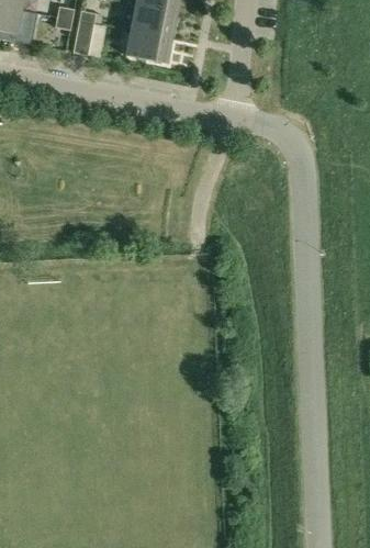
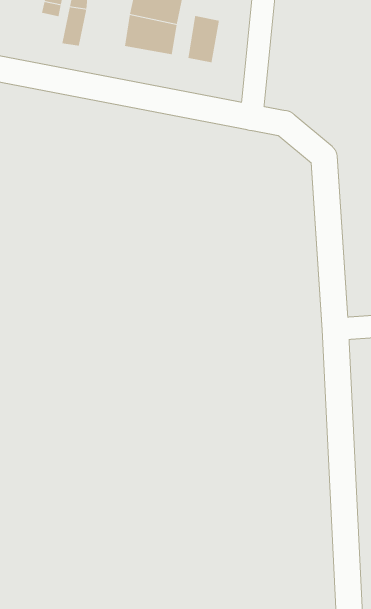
building: none -> [188,15,220,63]

